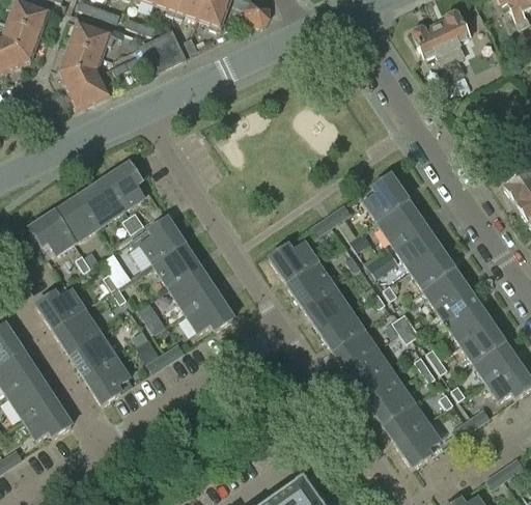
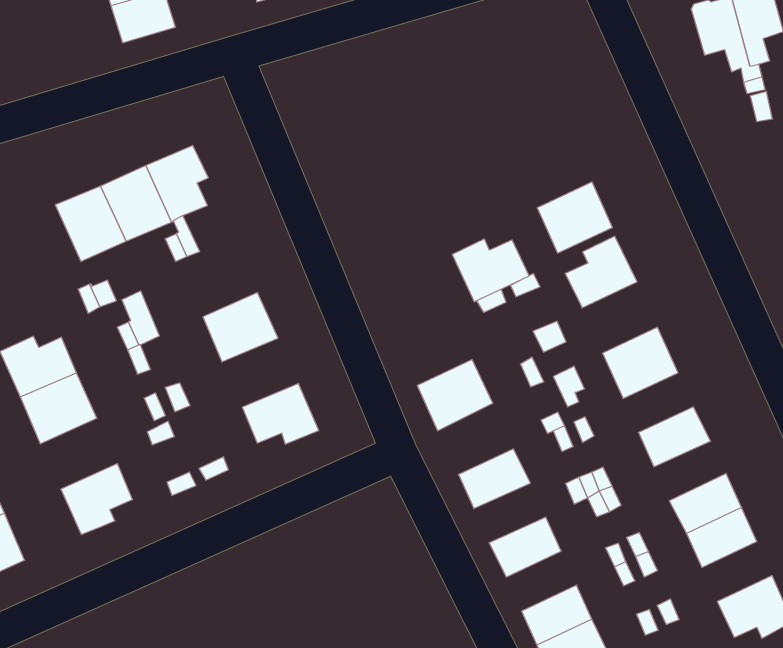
building: [378,199,424,245] -> [537,182,613,253]
building: [29,211,76,255] -> none
building: [136,217,184,262] -> none
building: [270,242,317,282] -> [452,239,529,302]
building: [411,249,453,288] -> none
building: [169,268,217,312] -> none
building: [304,285,351,331] -> none
building: [436,286,479,326] -> none
building: [333,329,376,368] -> none
building: [69,333,117,378] -> none
building: [474,341,516,381] -> none
building: [359,366,401,405] -> none

